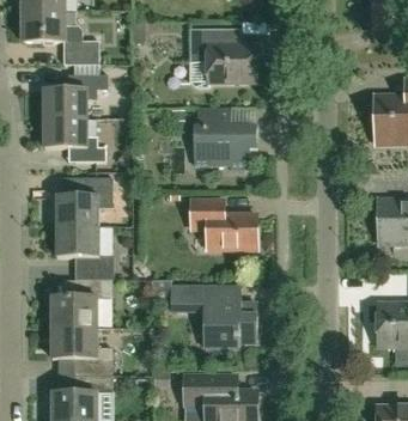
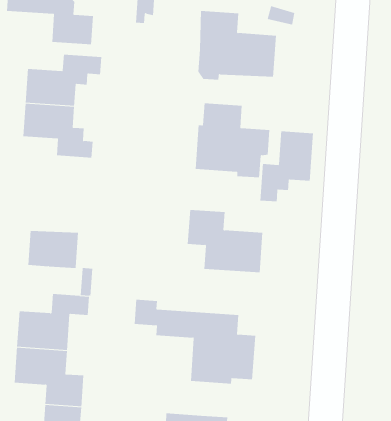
building: none -> [260,131,314,202]
building: [55,178,112,227] -> none

